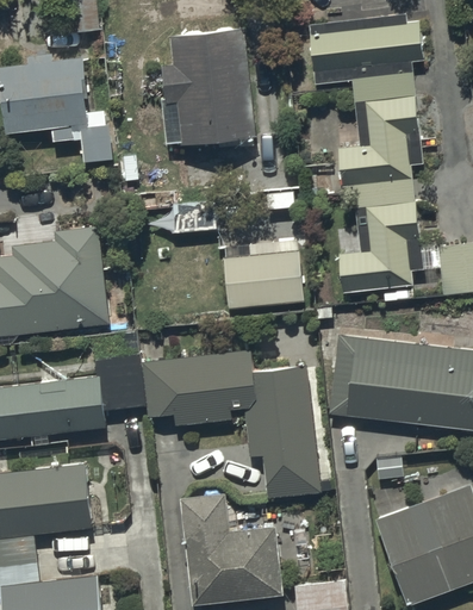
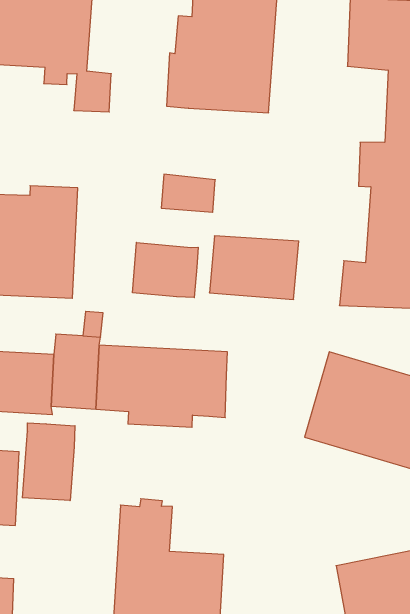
building: none -> [133,242,198,298]
building: [244,365,319,496] -> none
building: none -> [22,423,75,501]

